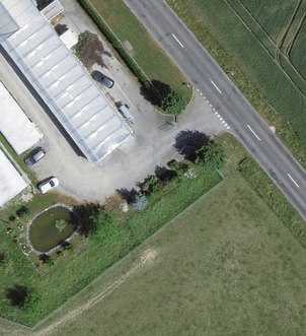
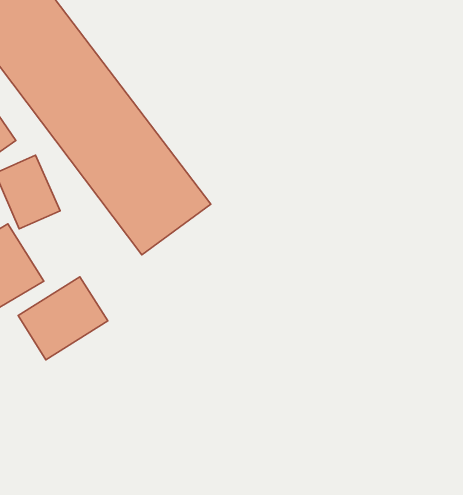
building: none -> [18,277,108,360]

